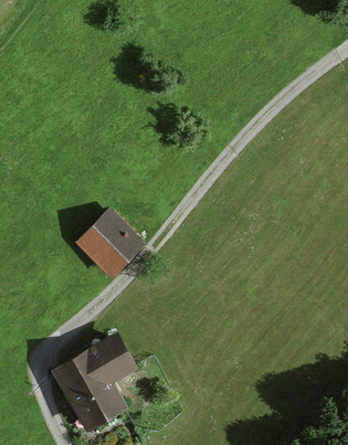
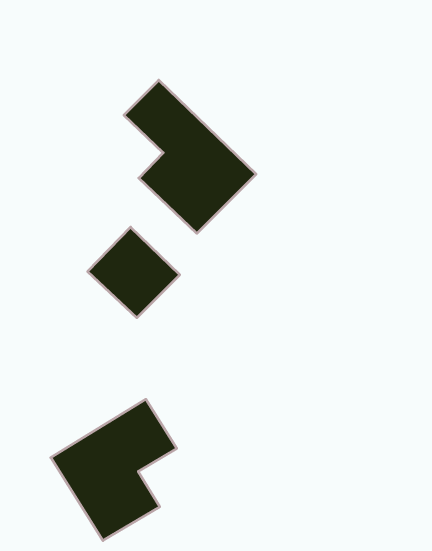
building: none -> [124,80,256,233]

